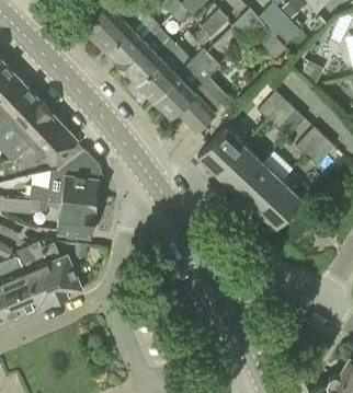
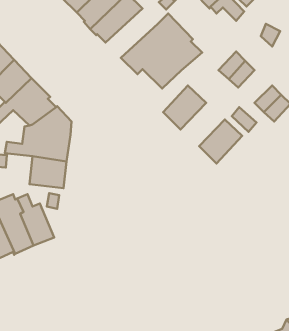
building: [137,45,193,97] -> none
building: [217,146,264,192] -> none
building: [255,181,303,229] -> none

